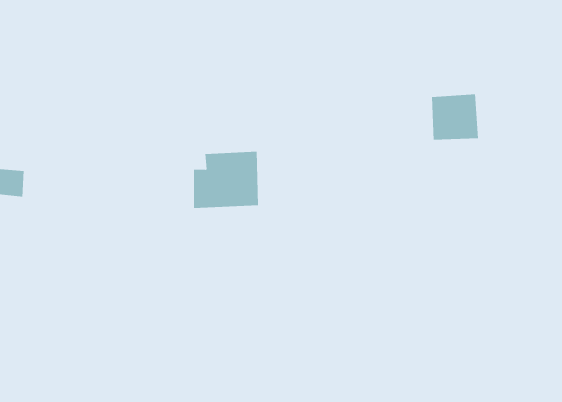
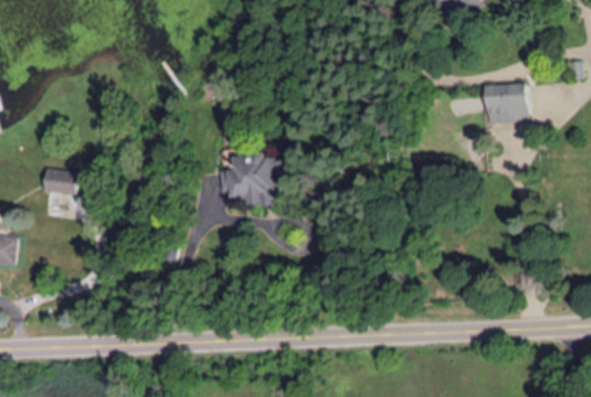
building: [431,94,479,140] -> [484,81,525,121]

